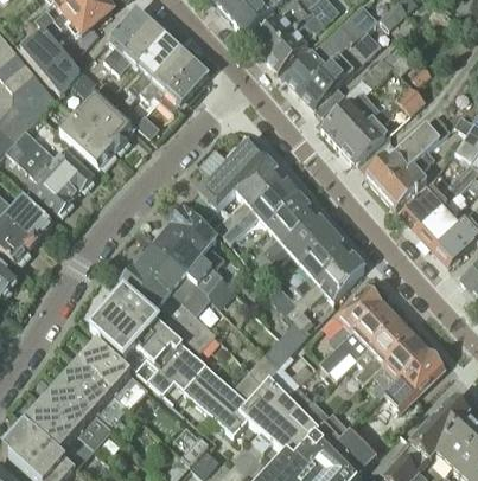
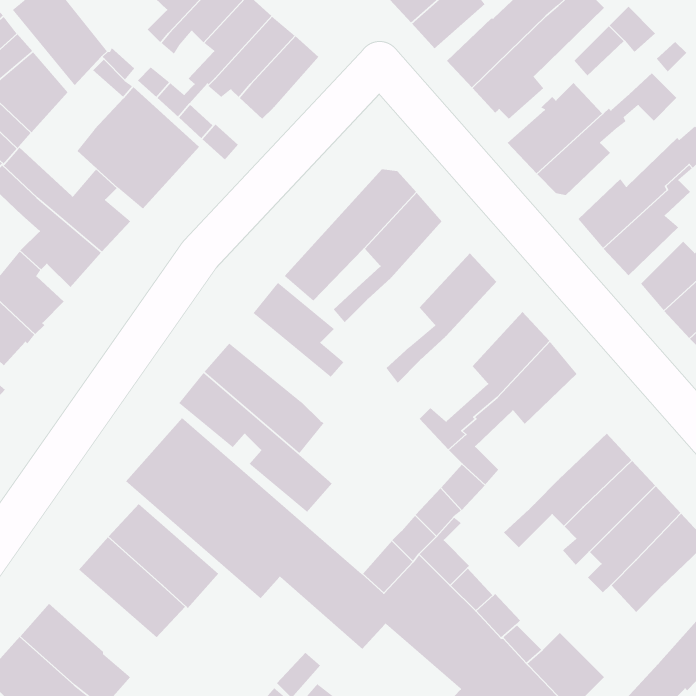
building: [224,173,299,240] -> none
building: [255,210,331,277] -> none
building: [153,229,224,294] -> none
building: [329,284,382,347] -> none
building: [44,384,111,448] -> none

